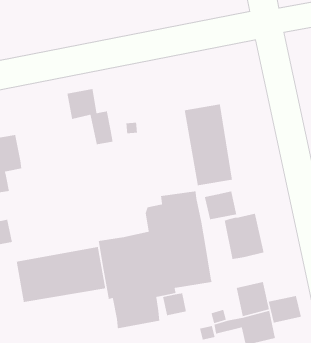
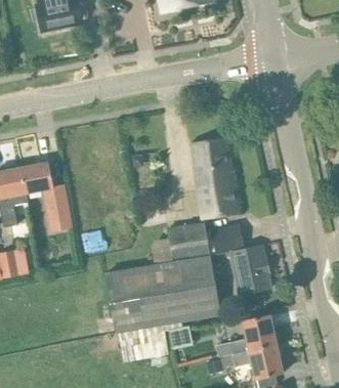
building: [66,88,113,145] -> [23,163,70,220]
building: [16,246,106,303] -> none
building: [268,295,302,324] -> none

